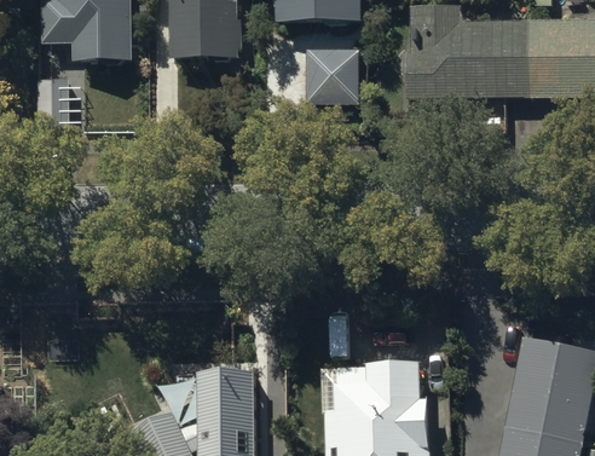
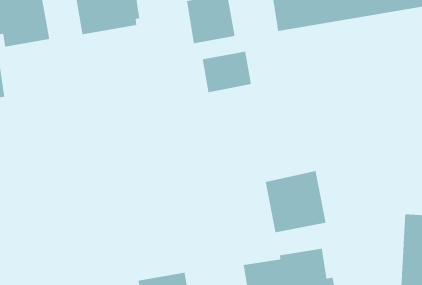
building: none -> [202,51,252,93]
building: none -> [265,170,326,233]

